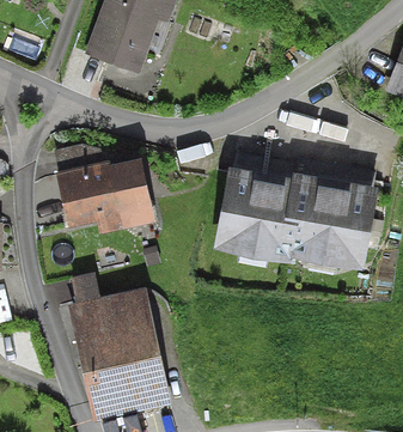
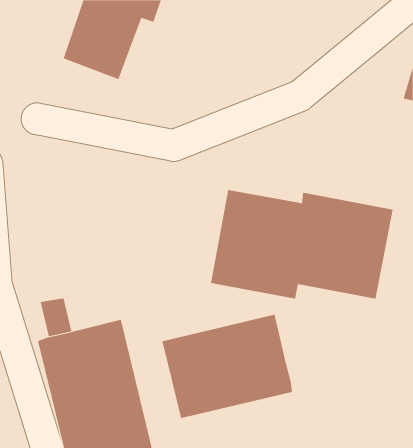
building: [54,142,164,231] -> none
building: none -> [162,314,292,419]

